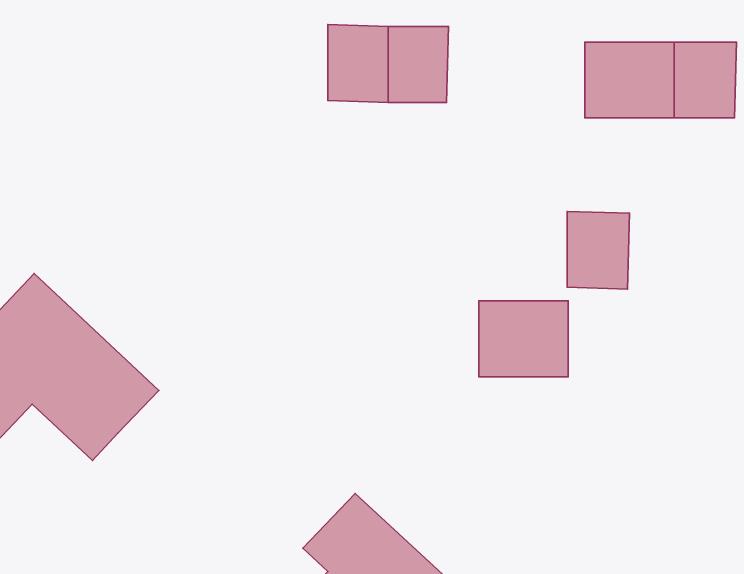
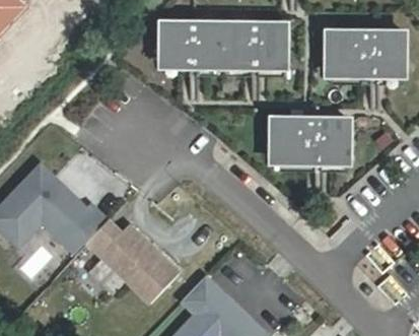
building: none -> [161,27,194,67]
building: none -> [256,28,288,68]
building: [479,301,568,377] -> [272,125,319,164]
building: none -> [84,218,179,301]

